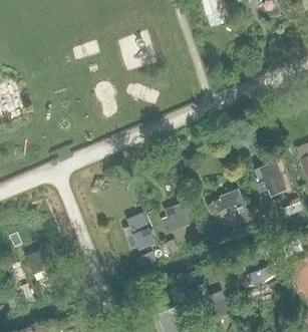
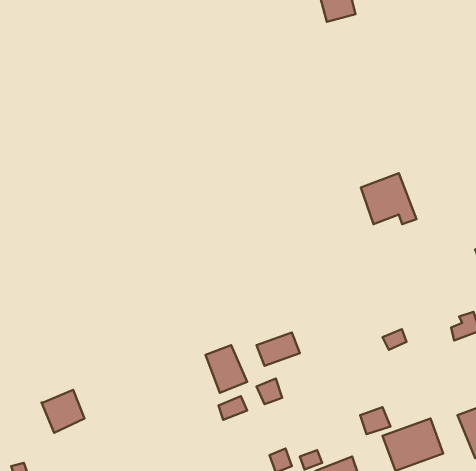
building: [251,160,286,193] -> [361,173,416,224]
building: [208,188,246,216] -> none

